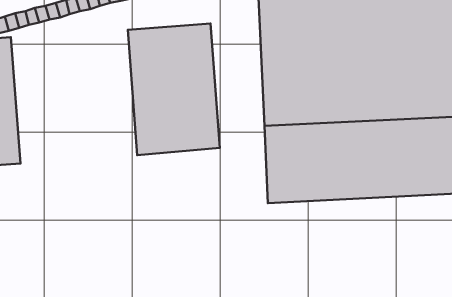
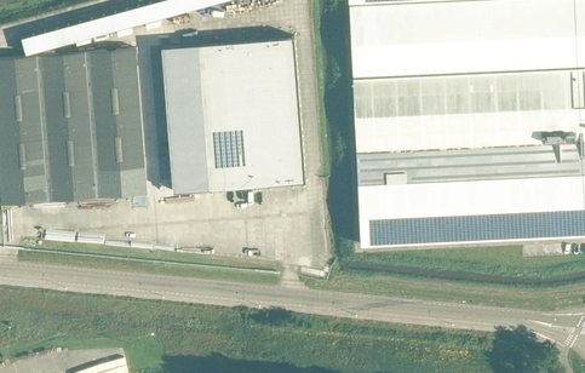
building: none -> [161,45,208,193]
building: none -> [62,48,145,200]

